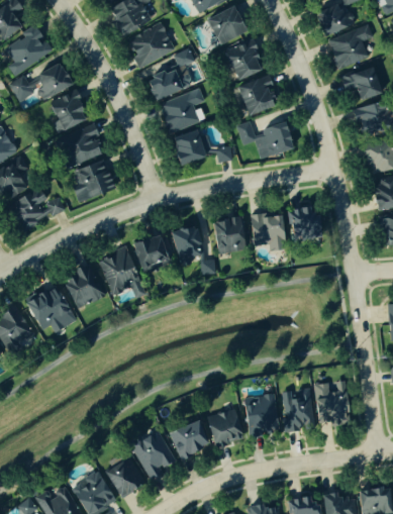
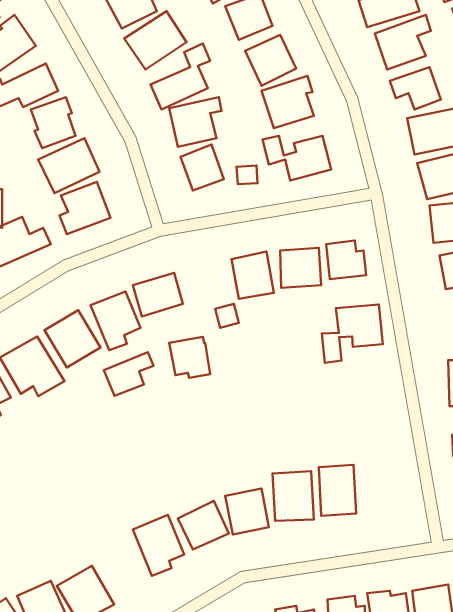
building: [171,225,204,259] -> [169,337,210,378]
building: none -> [322,305,383,363]
building: none -> [104,352,153,396]
building: [313,380,350,424] -> none
building: [104,454,146,497] -> none

